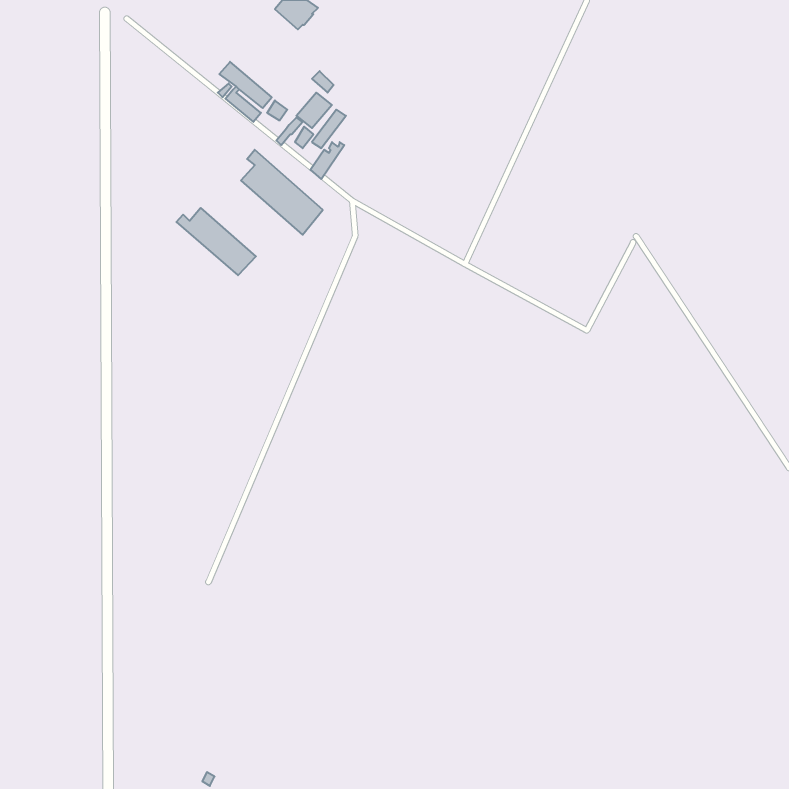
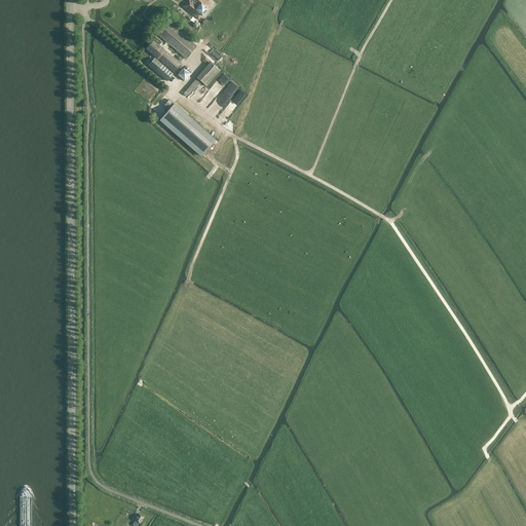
building: none -> [158,23,196,59]
building: [176,208,256,275] -> none

